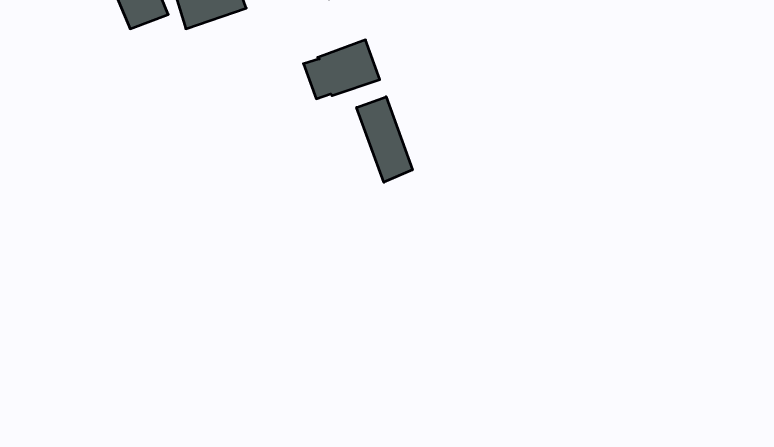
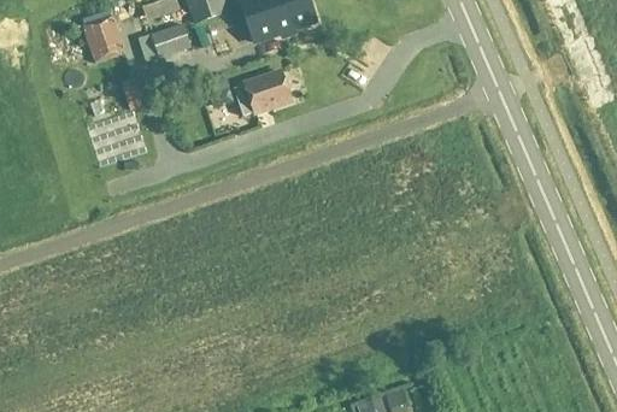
building: [357,97,412,182] -> none

